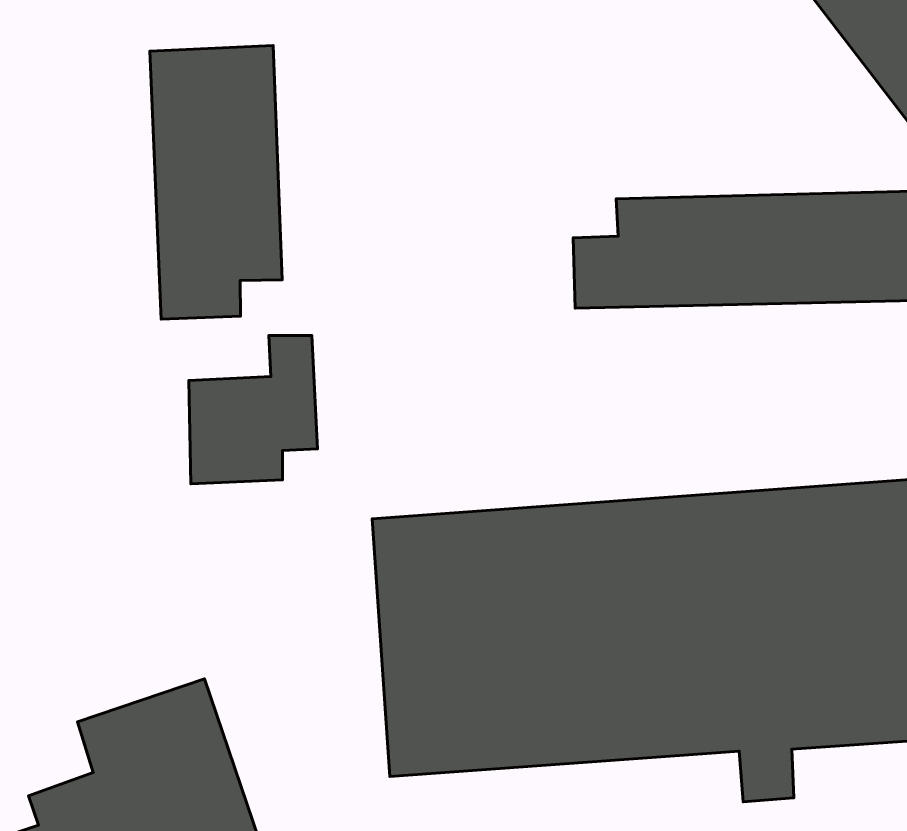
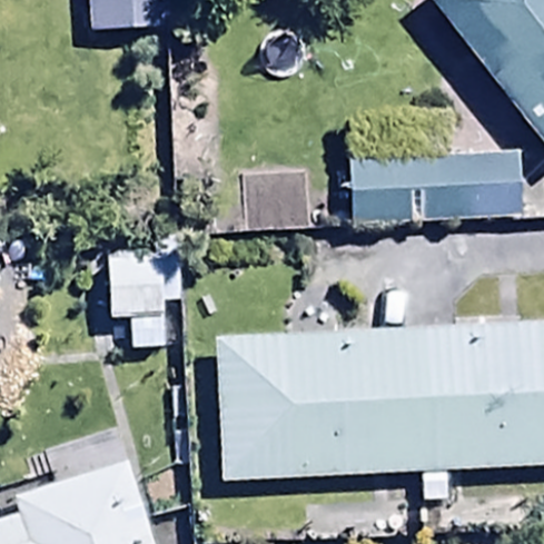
building: [150,45,282,319] -> none

